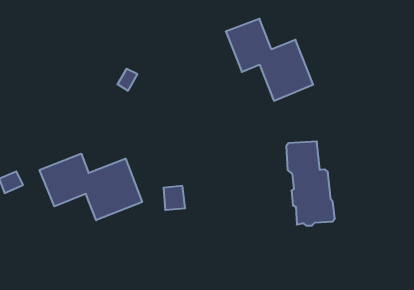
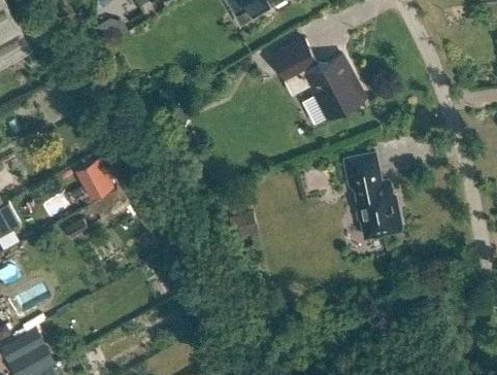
building: none -> [75,160,114,202]
building: [40,154,142,220] -> none

